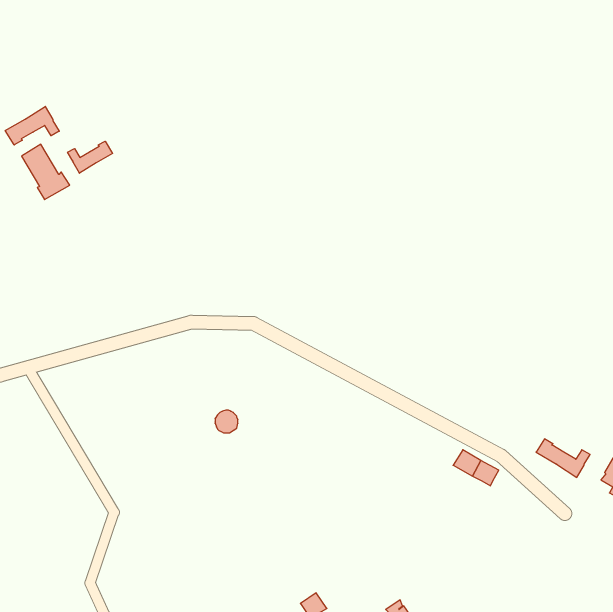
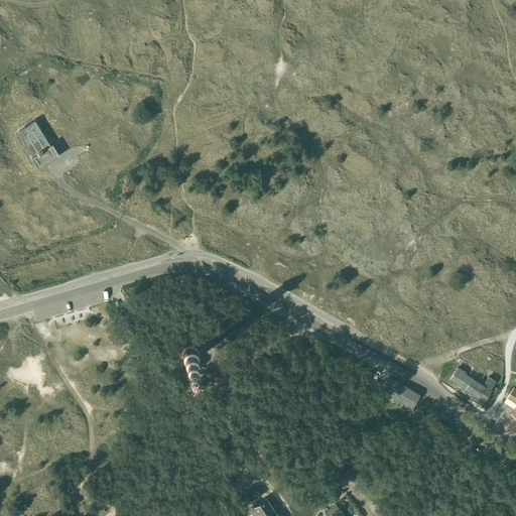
building: [5,106,59,145] -> none
building: [68,141,113,173] -> none

